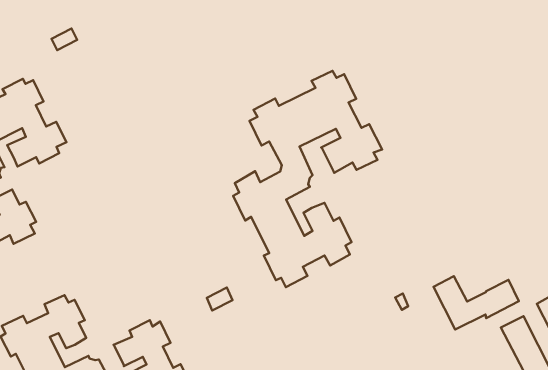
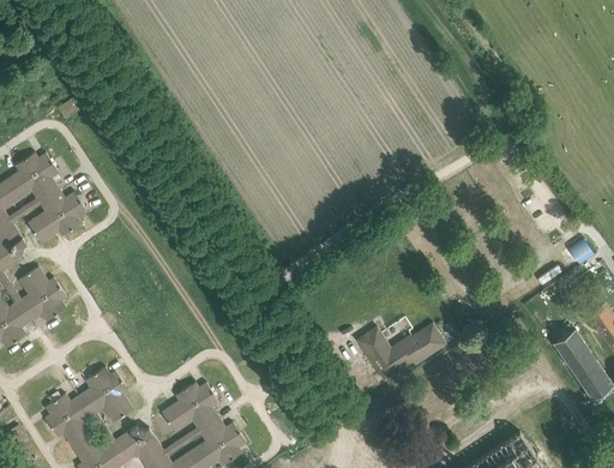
building: [233,71,382,287] -> none
building: [434,276,519,330] -> [356,324,445,382]

